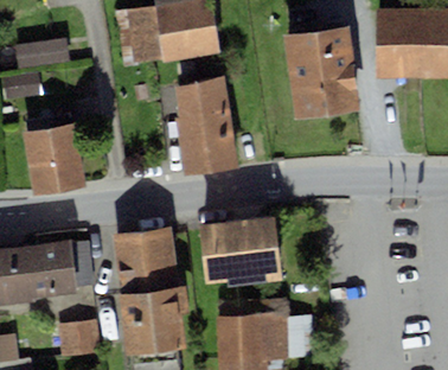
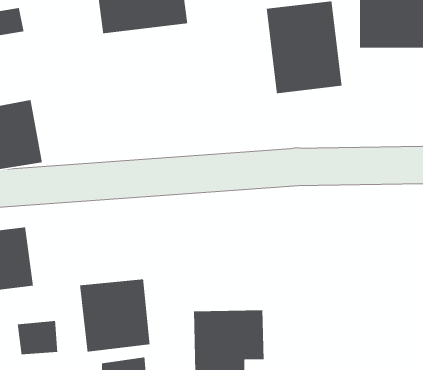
building: [177,79,236,172] -> none
building: [205,216,281,279] -> none
building: [114,231,180,279] -> none

